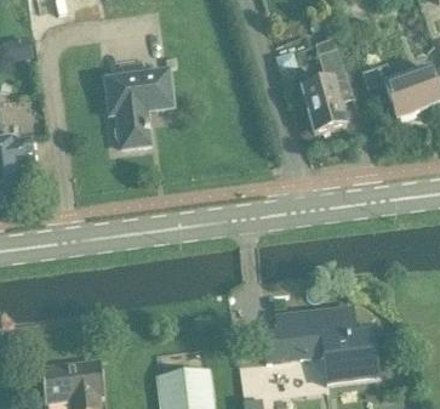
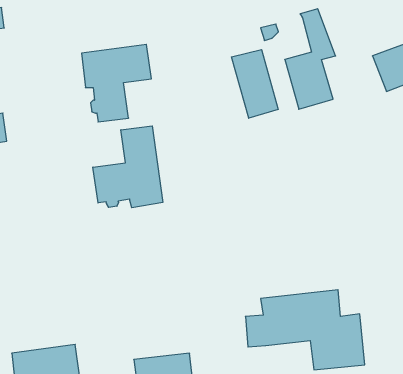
building: none -> [231,50,278,118]
building: none -> [93,126,163,208]

